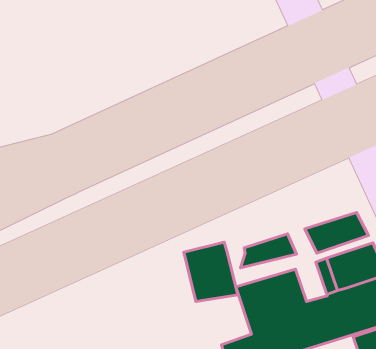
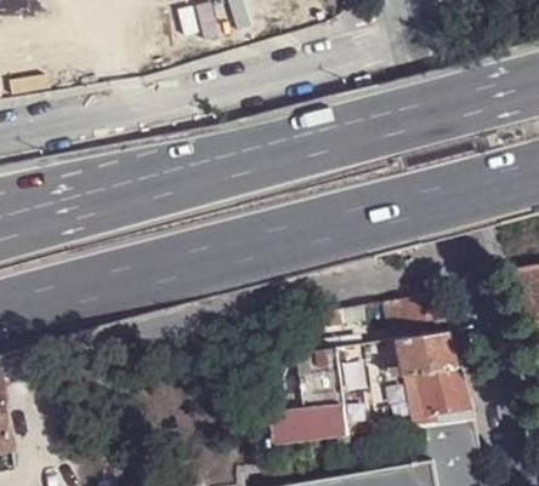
building: [184,242,238,301] -> none

